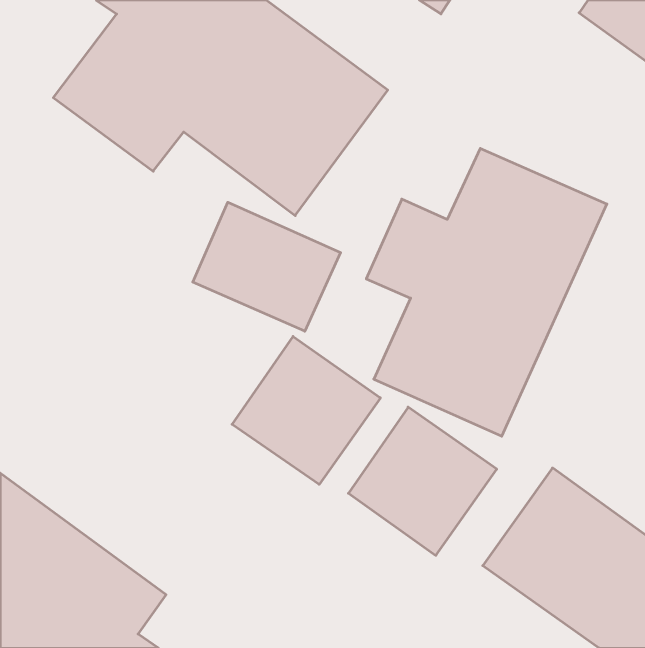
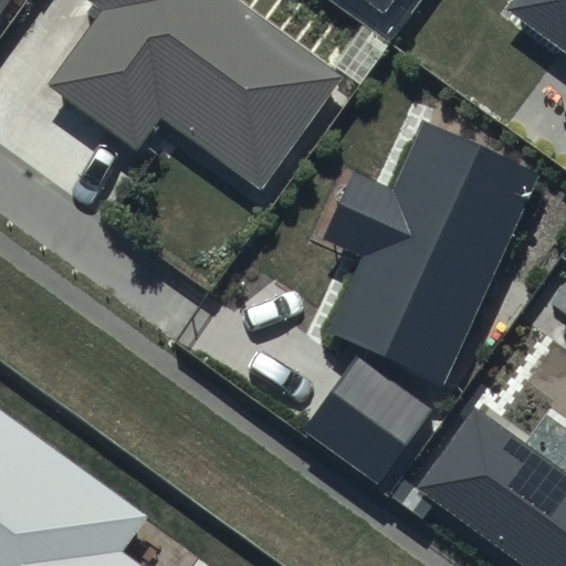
building: [193,202,341,331] -> none
building: [232,336,380,484] -> none

